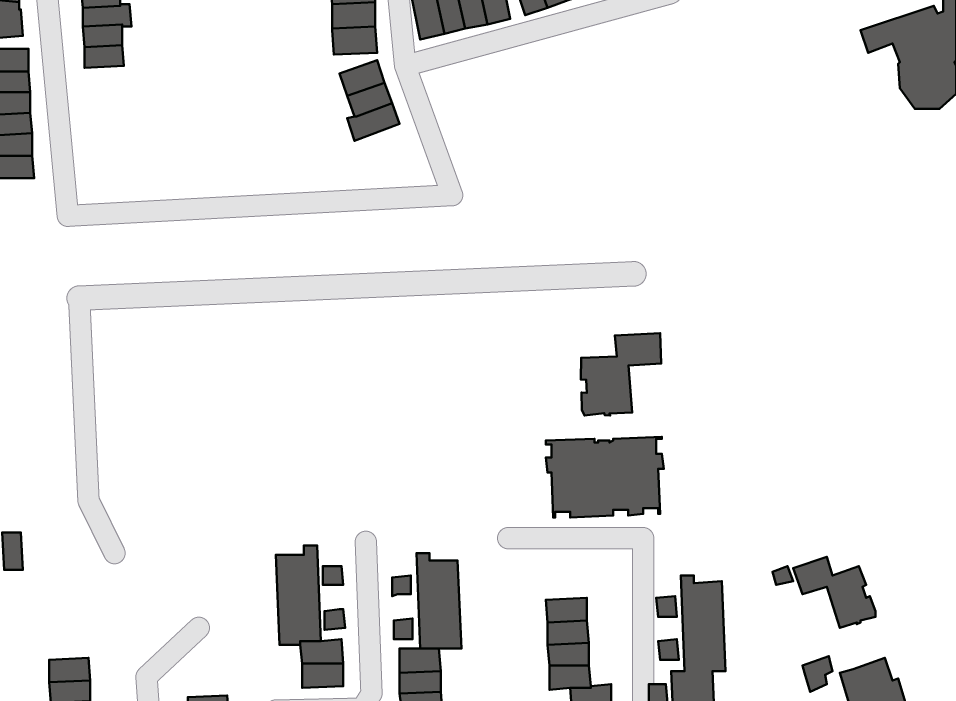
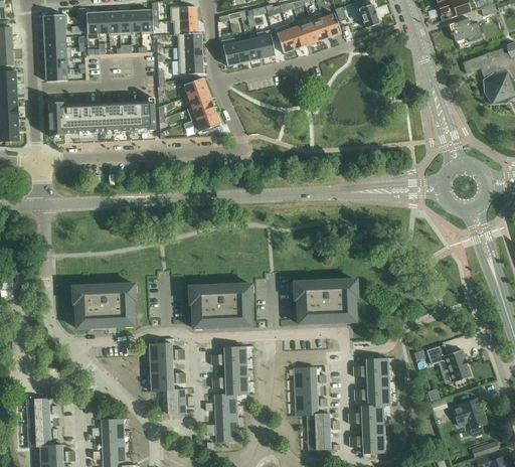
building: none -> [47,98,156,136]
building: none -> [183,112,219,133]
building: [581,333,661,416] -> none
building: none -> [72,284,135,328]
building: none -> [189,284,251,328]

